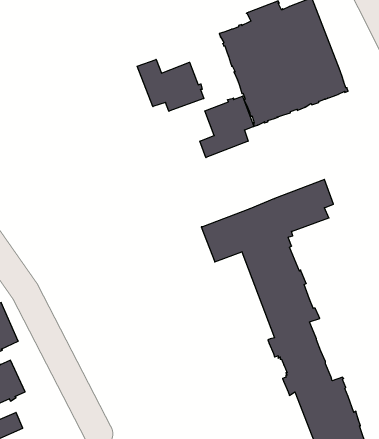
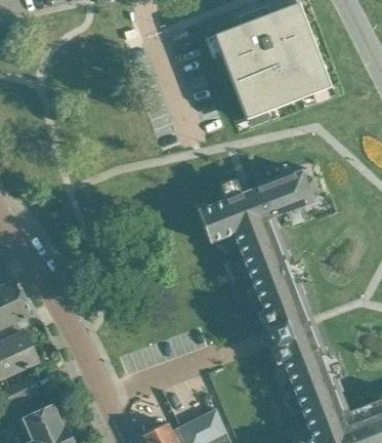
building: [137,59,204,111] -> none
building: [200,96,254,158] -> none

